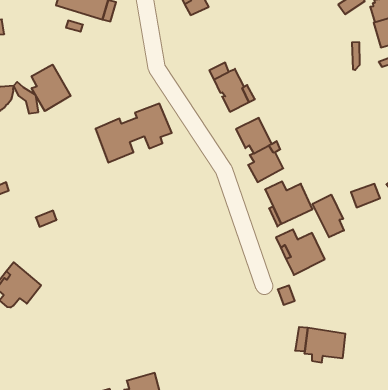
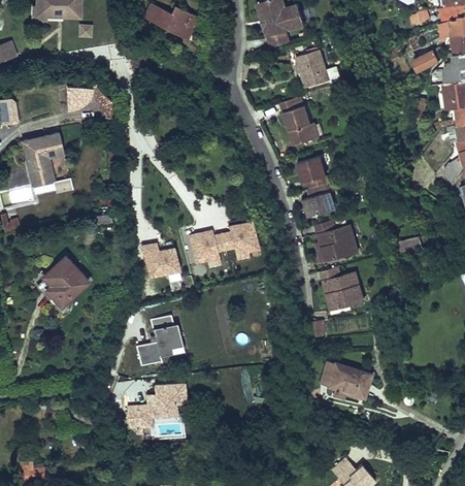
building: none -> [295,50,329,88]
building: [32,65,71,111] -> none
building: [95,104,172,163] -> [188,221,260,269]
building: [313,195,344,237] -> none
building: none -> [139,242,180,281]
building: none -> [148,316,176,361]

